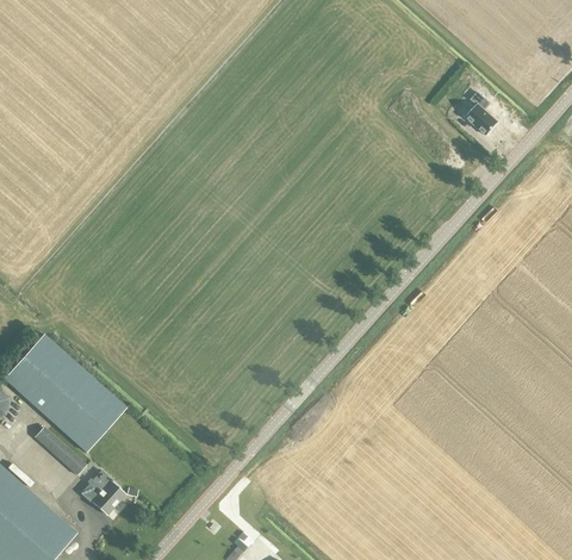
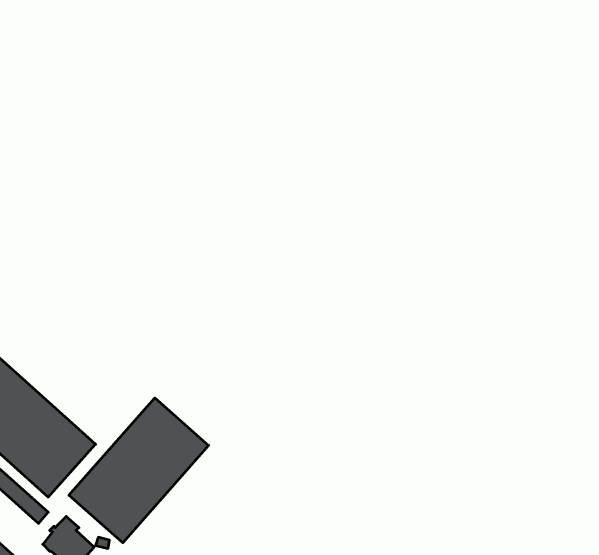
building: [465,93,497,136] -> none
building: none -> [69,398,209,543]

